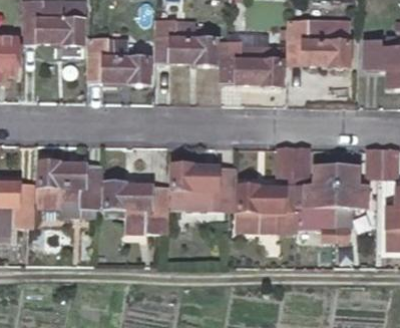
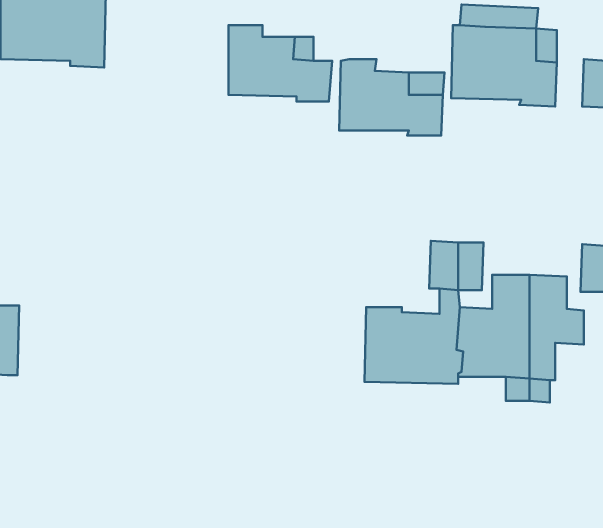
building: [89,38,151,83] -> none
building: [38,161,99,215] -> none
building: [170,165,232,211] -> none
building: [105,183,164,232] -> none

